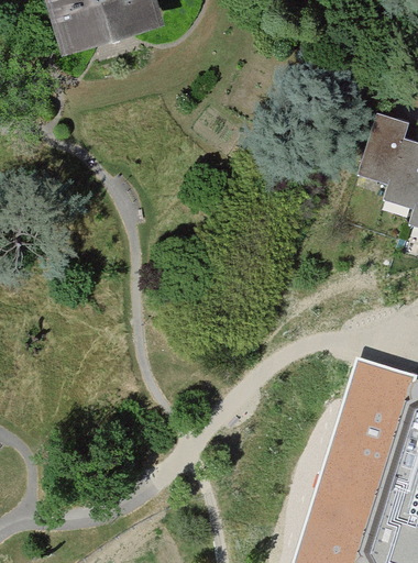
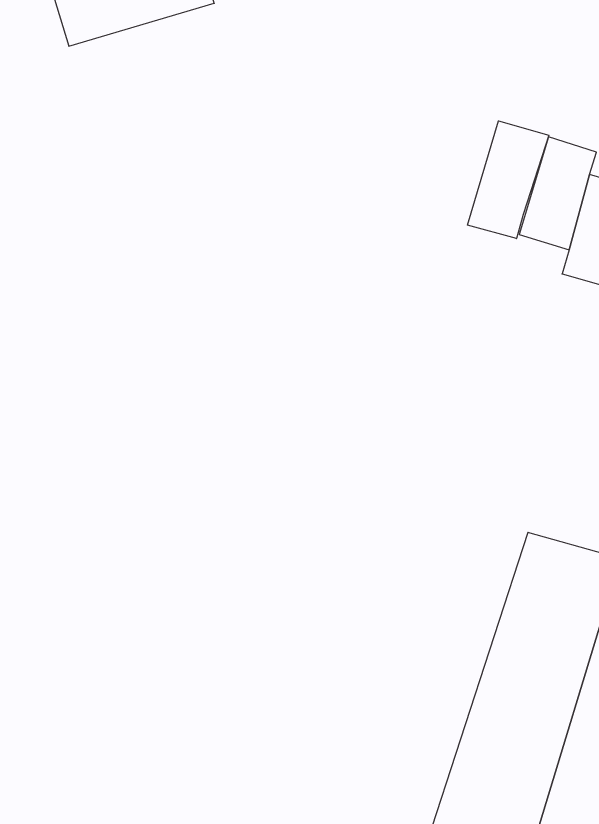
building: none -> [467,121,549,239]

